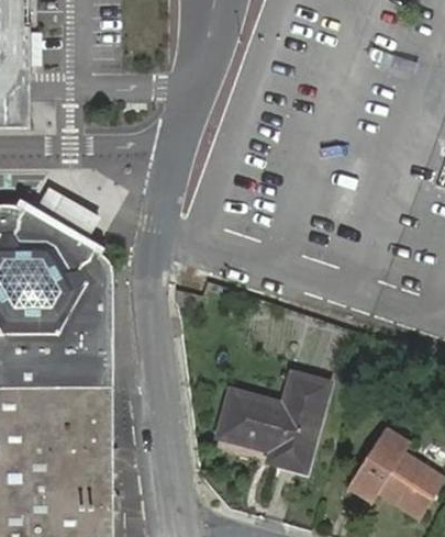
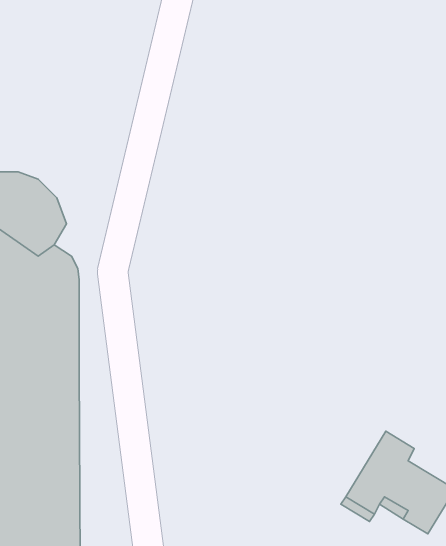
building: [216,376,326,472] -> none

